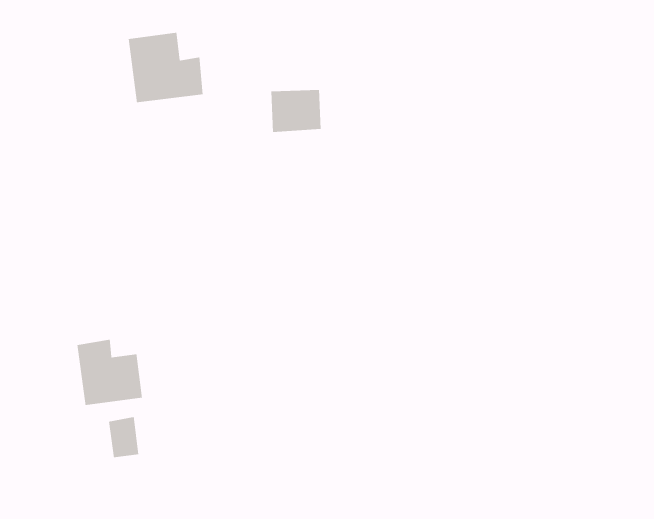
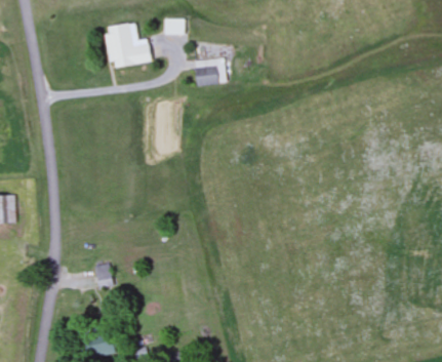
building: [77,339,142,406] -> none

